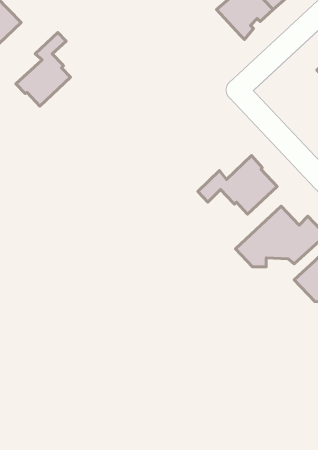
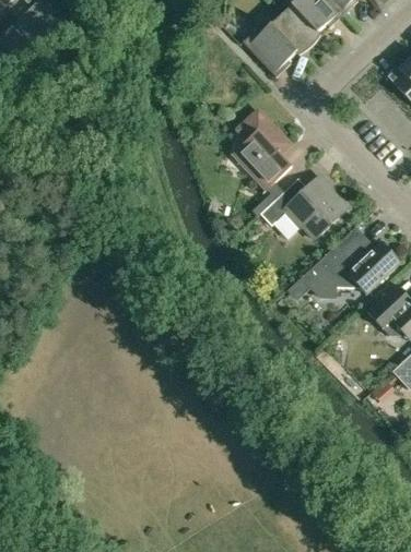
building: none -> [242,12,310,75]
building: [16,33,71,106] -> none
building: none -> [232,107,291,187]

